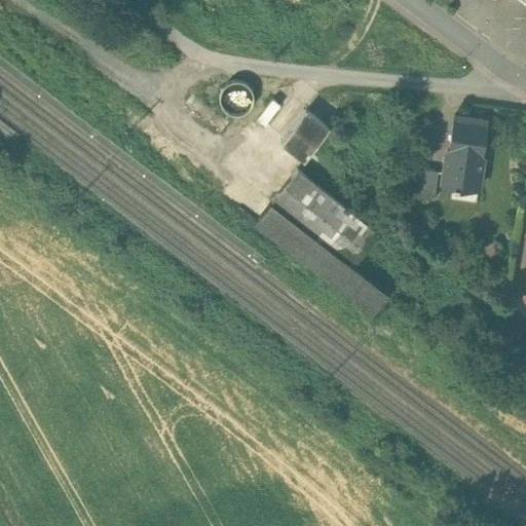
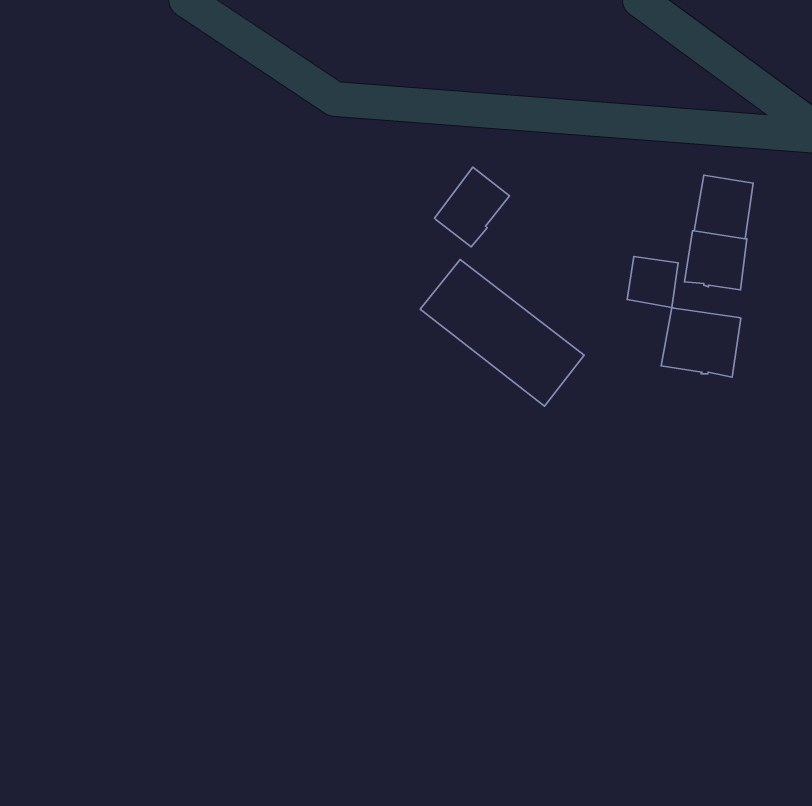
building: [247,197,383,310] -> none
building: none -> [661,307,741,377]

